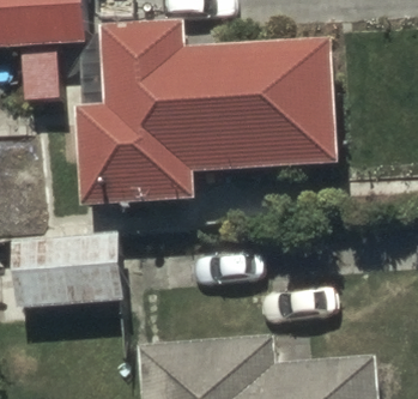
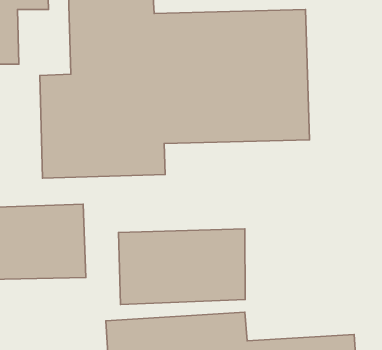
building: none -> [119,229,245,304]

